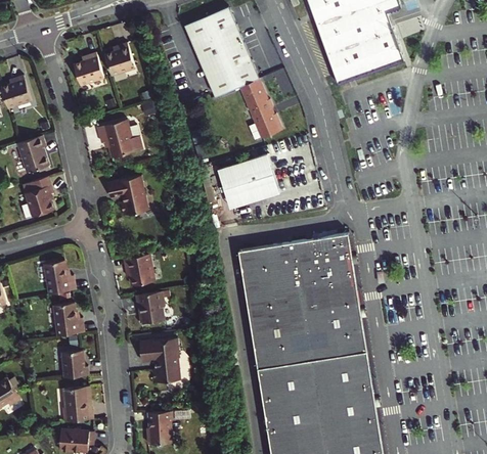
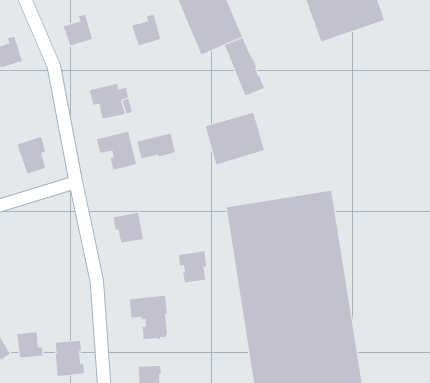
building: [103,43,134,76] -> [131,14,161,46]
building: [16,136,47,173] -> none
building: none -> [136,133,175,159]
building: [43,260,75,294] -> none
building: [133,293,163,326] -> [178,251,207,283]
building: [54,303,85,335] -> none
building: [62,351,90,377] -> [16,332,43,358]

